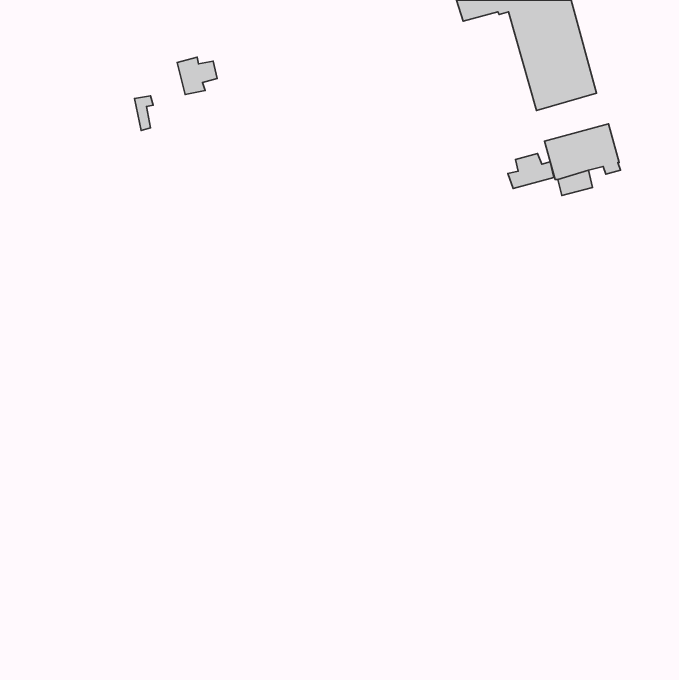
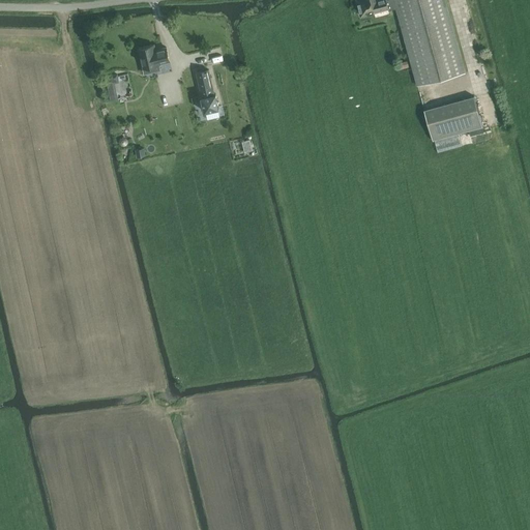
building: none -> [196,70,218,112]
building: [508,153,554,188] -> none

